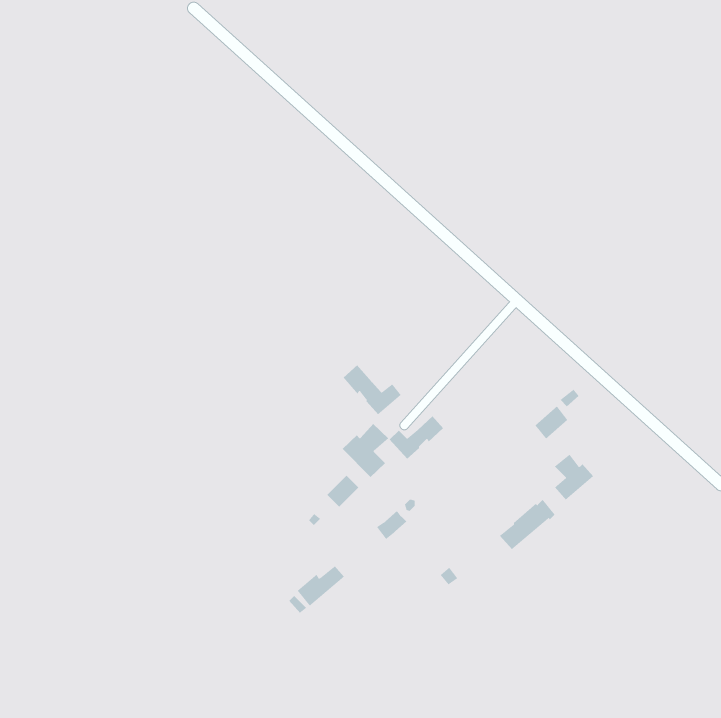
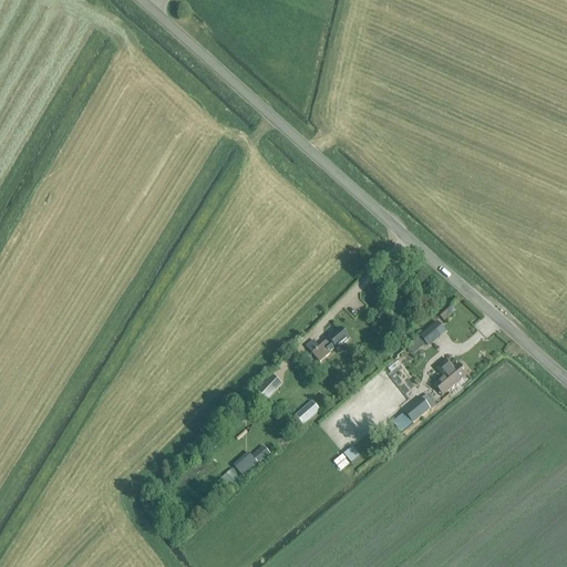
building: [343,365,402,415] -> none
building: [342,423,389,478] -> none

